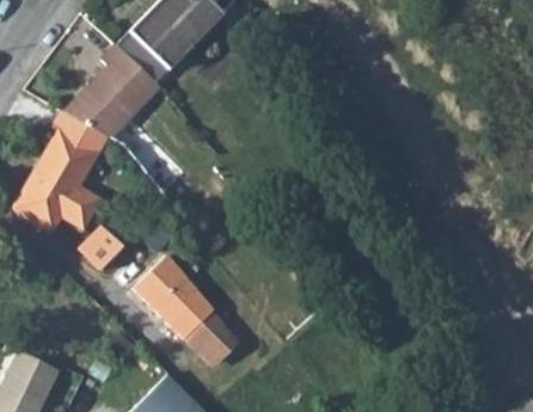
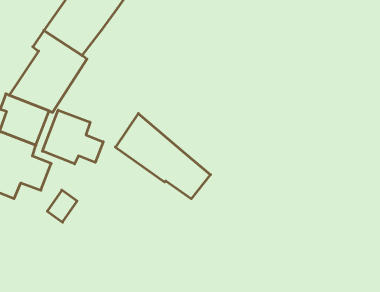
building: none -> [42,110,103,164]
building: [130,256,234,363] -> [115,113,211,199]

